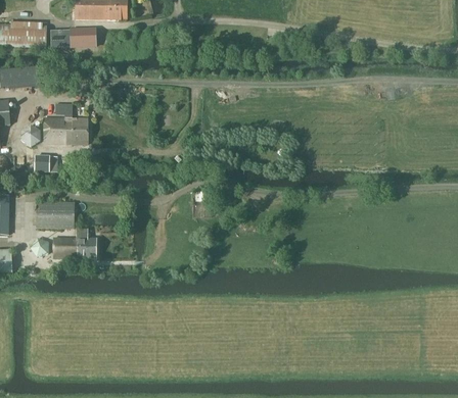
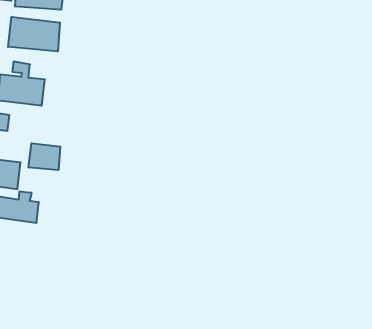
building: none -> [8,17,60,51]
building: none -> [29,143,60,170]

